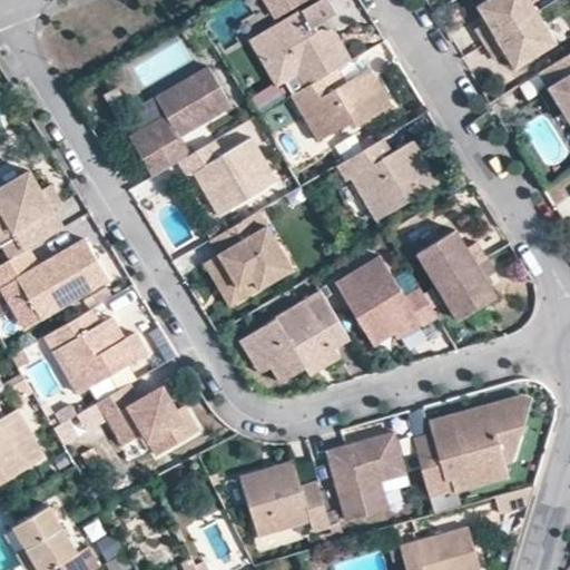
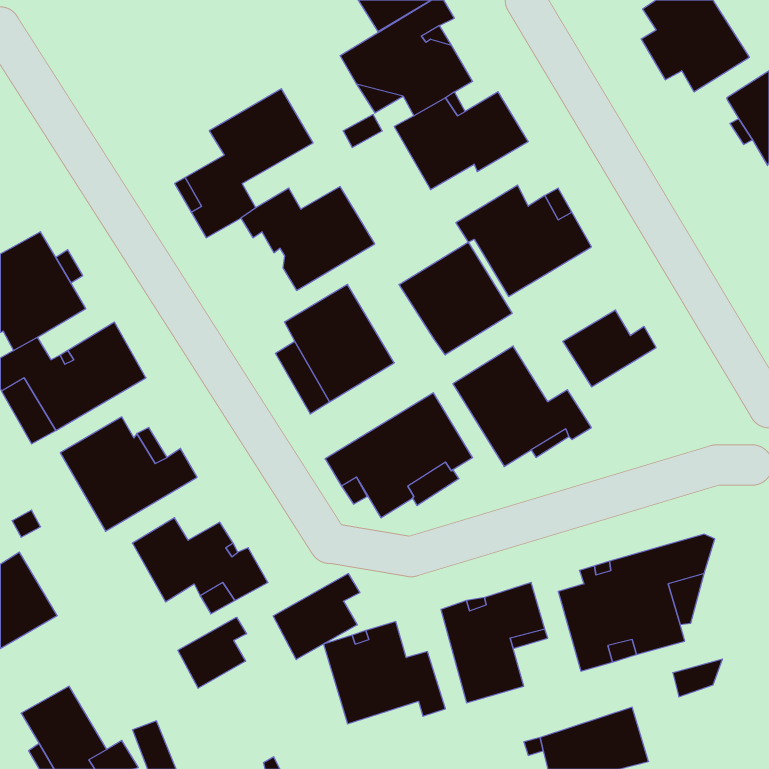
building: none -> [399,242,512,355]
building: [438,257,495,320] -> none
building: none -> [273,574,360,660]
building: none -> [178,617,247,688]

